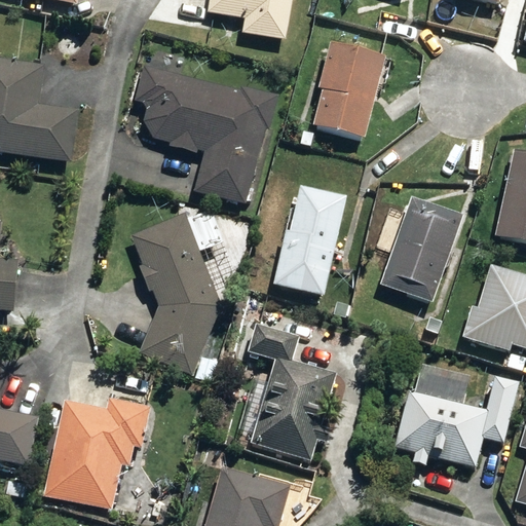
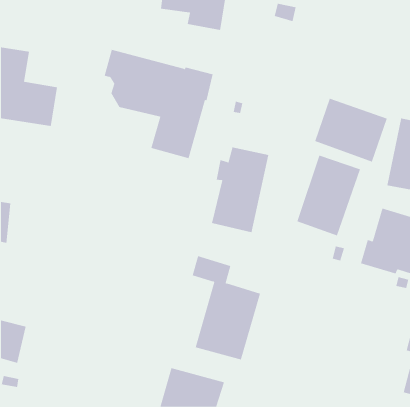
building: [312,43,383,138] -> none
building: none -> [315,98,388,162]
building: [130,215,219,373] -> none
building: [393,377,517,467] -> none
building: [42,398,147,508] -> none

